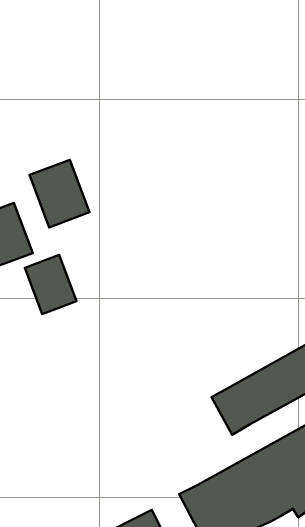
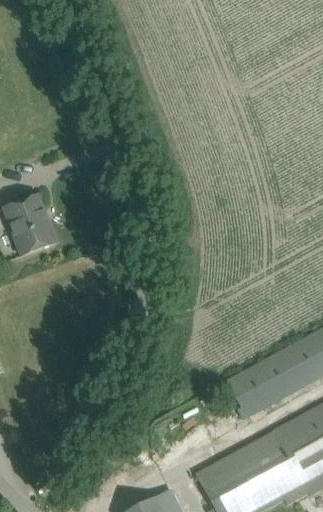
building: [30,160,89,227] -> none
building: [25,255,77,314] -> none

